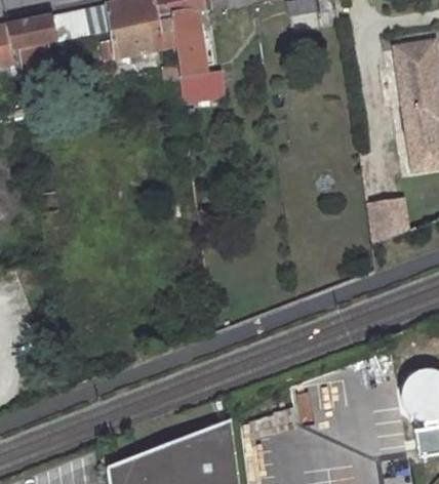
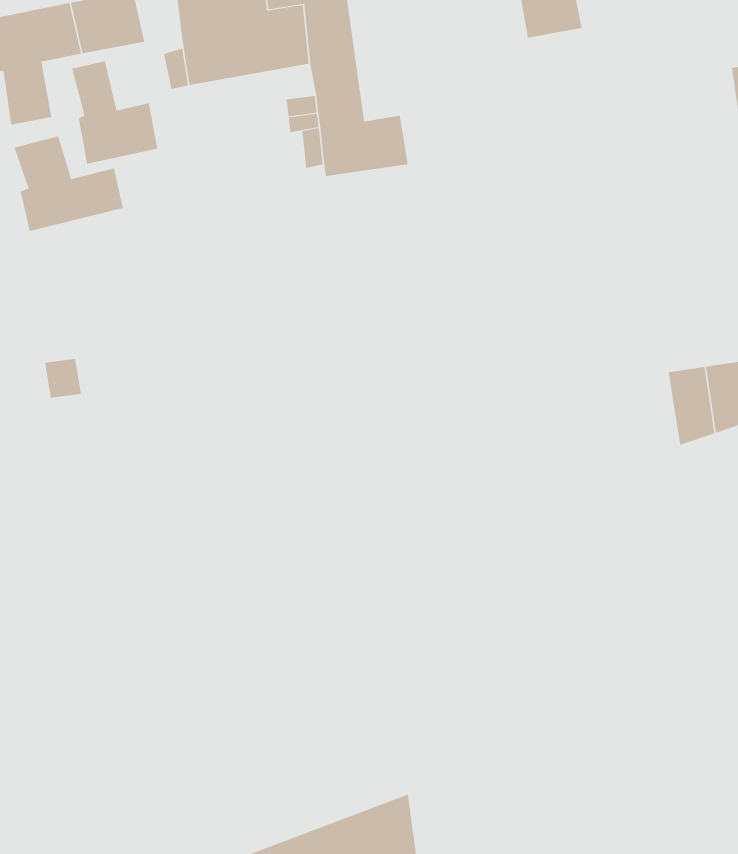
building: none -> [72,61,158,165]
building: none -> [14,136,124,232]

